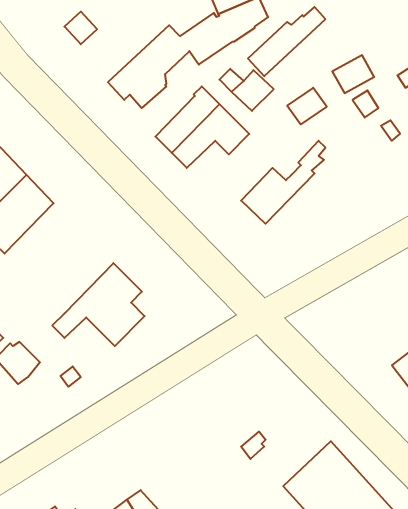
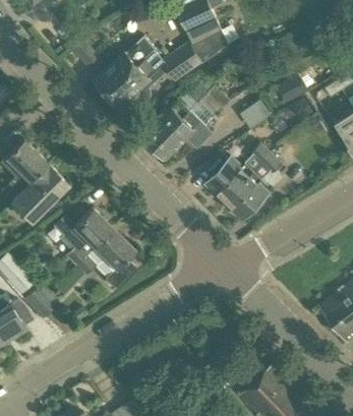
building: [248,7,325,76] -> [96,42,154,94]
building: none -> [226,151,285,218]
building: none -> [54,209,112,266]

